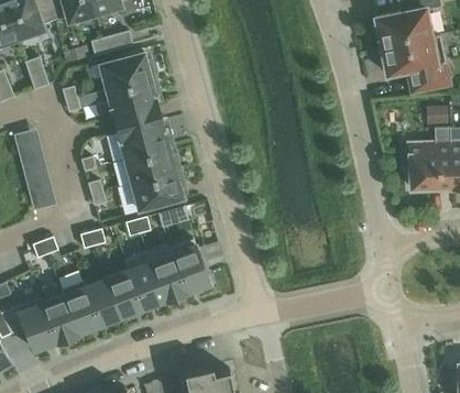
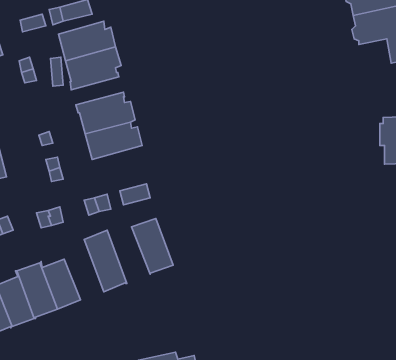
building: [132,171,185,209] -> none
building: [146,248,187,302] -> none
building: [106,260,143,317] -> none

